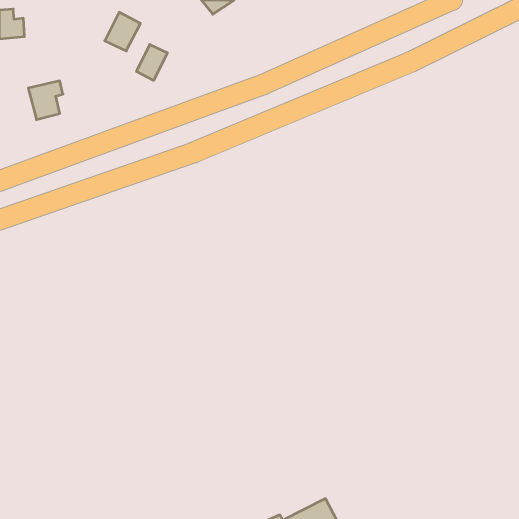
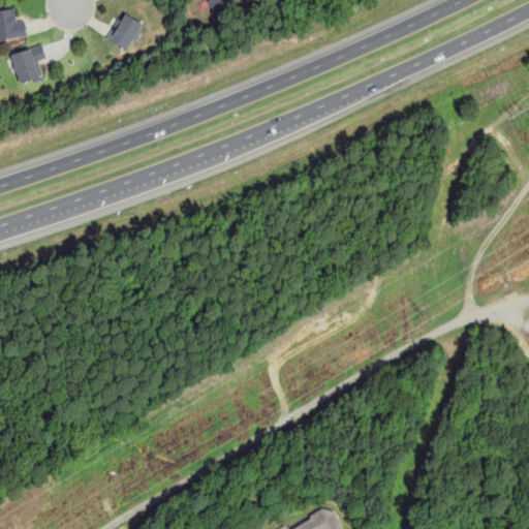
building: [137,44,167,80] -> none
building: [28,81,63,120] -> [9,46,44,86]

